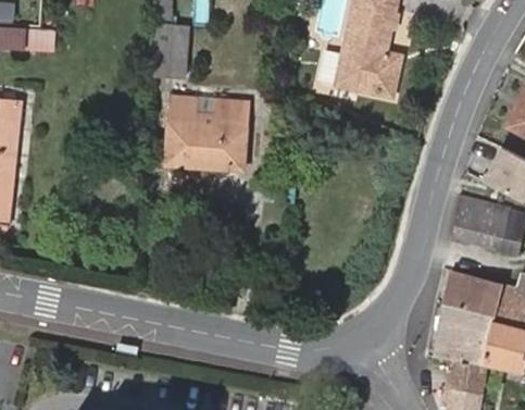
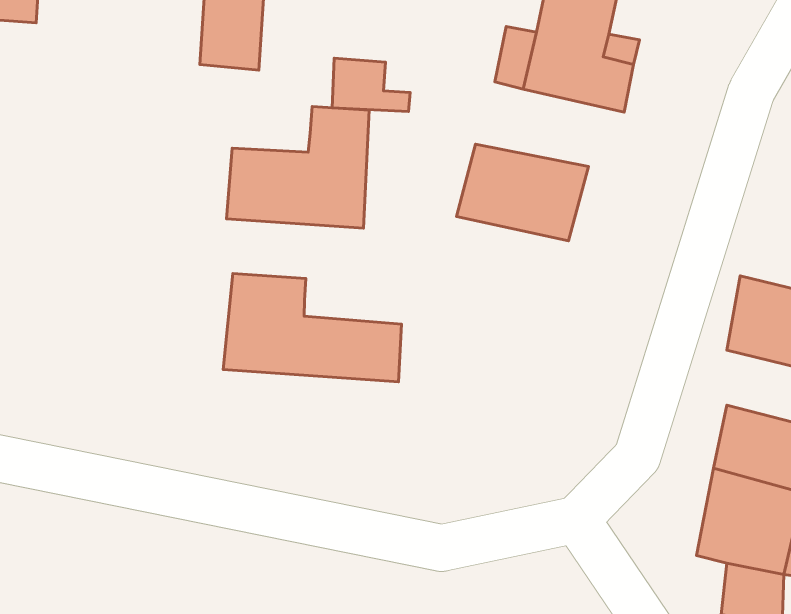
building: [170,94,214,124] -> [332,58,410,112]
building: none -> [456,144,589,241]
building: none -> [223,273,401,382]

